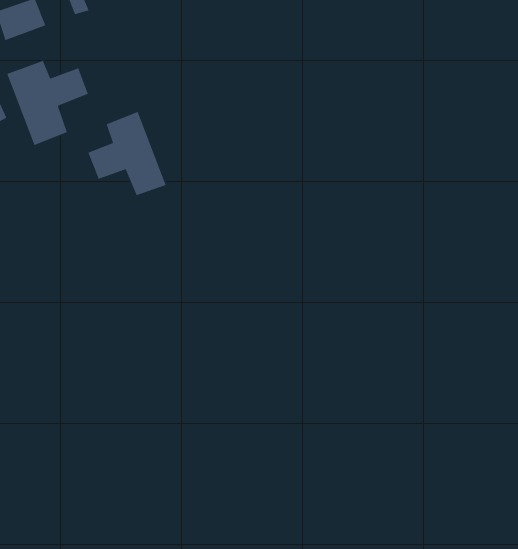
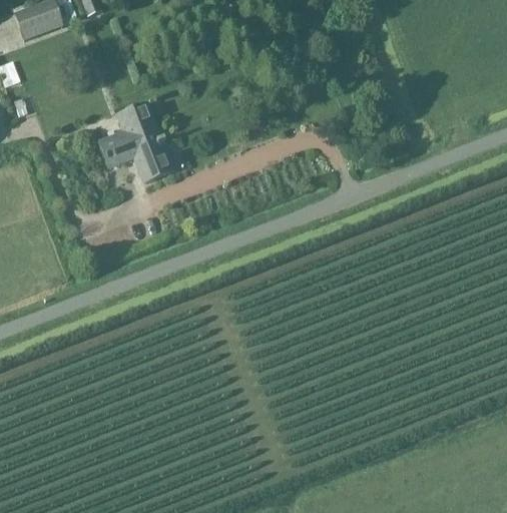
building: [7,60,88,146] -> none

